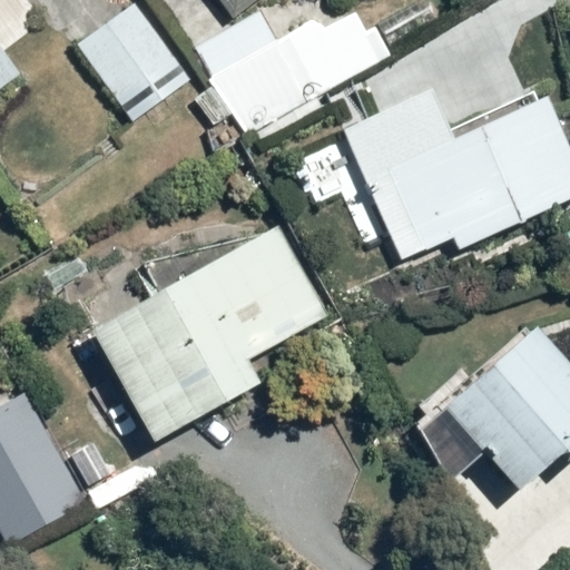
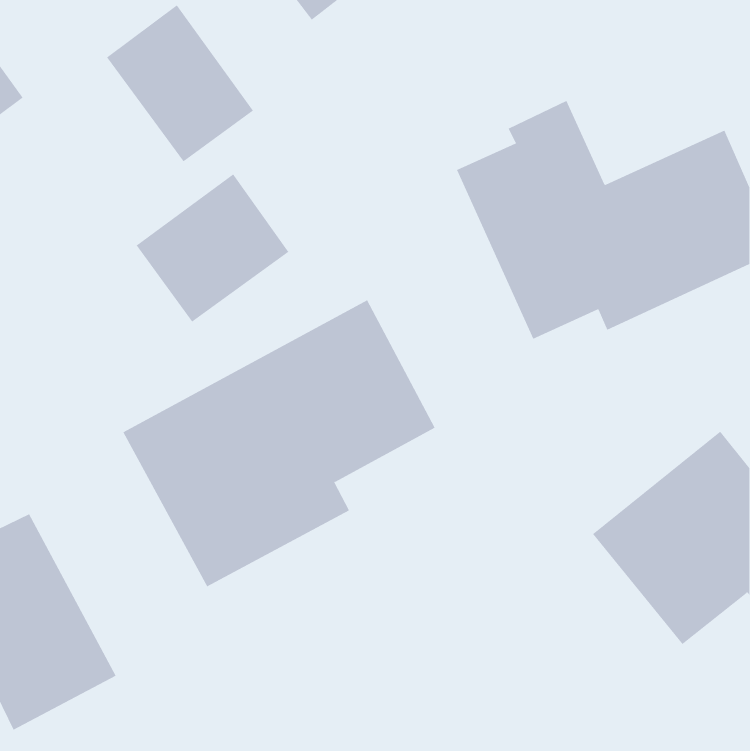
building: [194,7,389,135] -> none
building: none -> [136,174,289,322]

